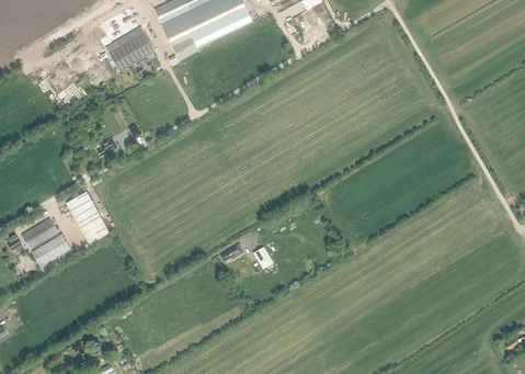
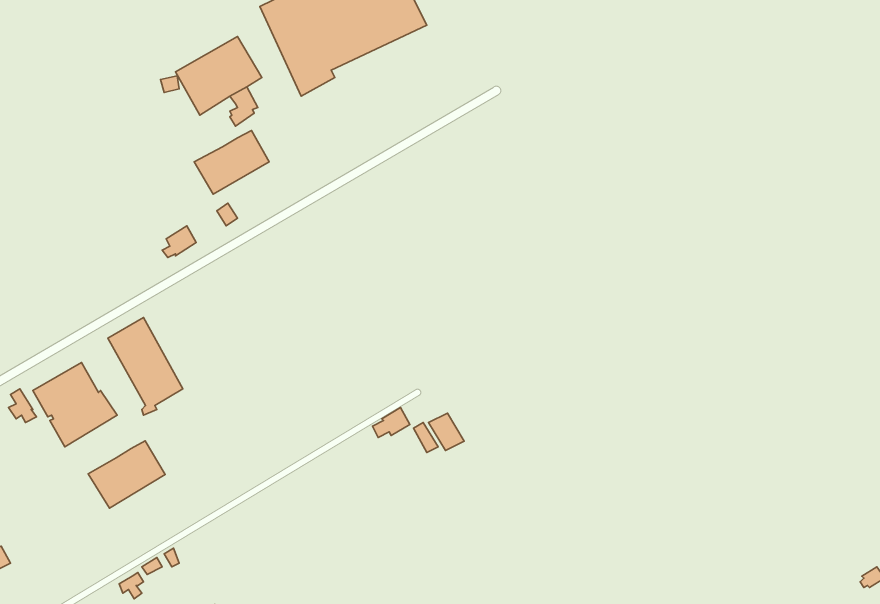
building: none -> [194,130,269,194]
building: none -> [88,441,165,508]

